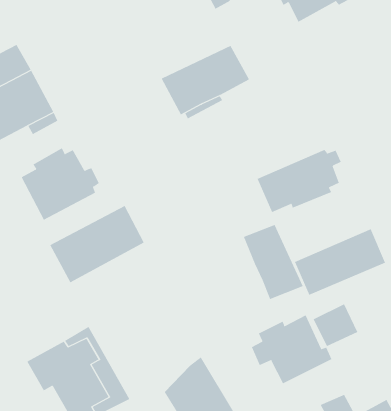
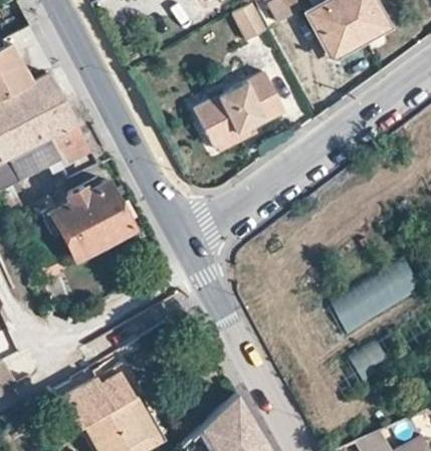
building: [257,149,342,213] -> none
building: [50,205,145,283] -> none
building: [243,224,303,300] -> none
building: [251,315,332,384] -> none

